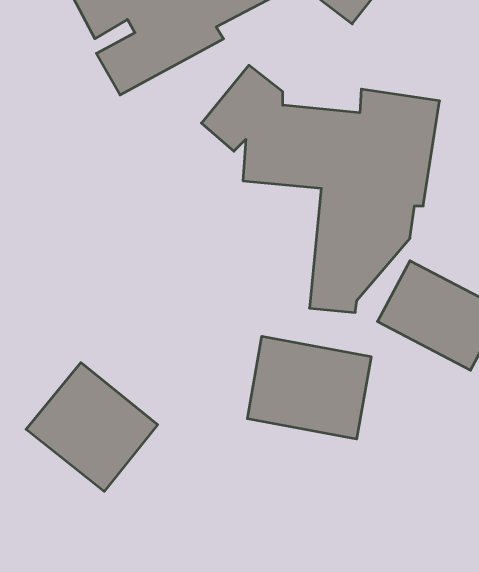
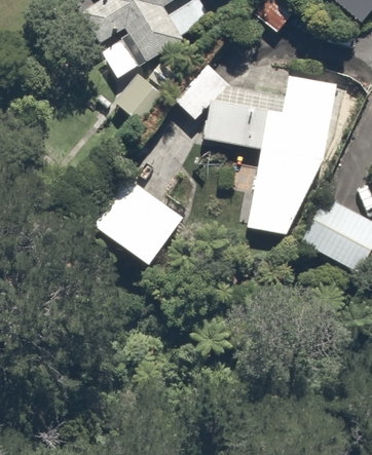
building: [247,336,371,439] -> none
building: [26,363,158,491] -> [90,176,182,265]

